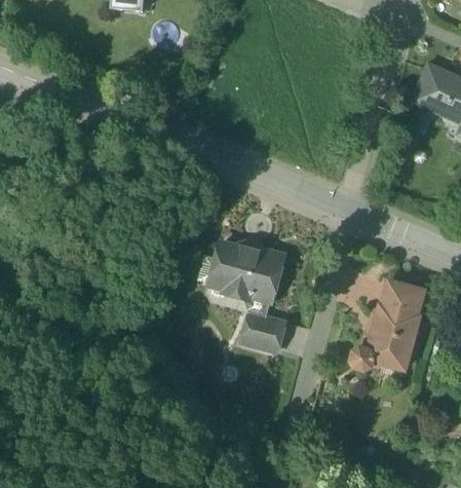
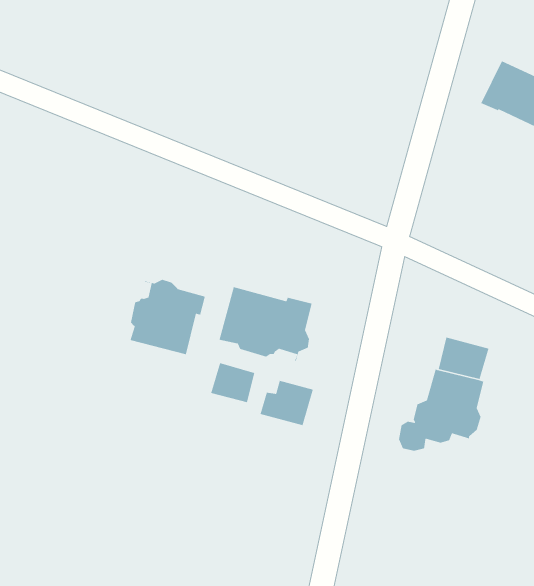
building: none -> [129,279,206,355]
building: none -> [210,362,255,403]

